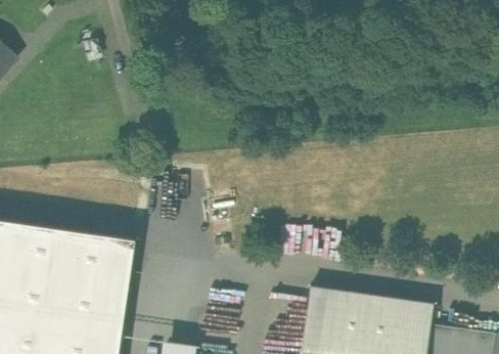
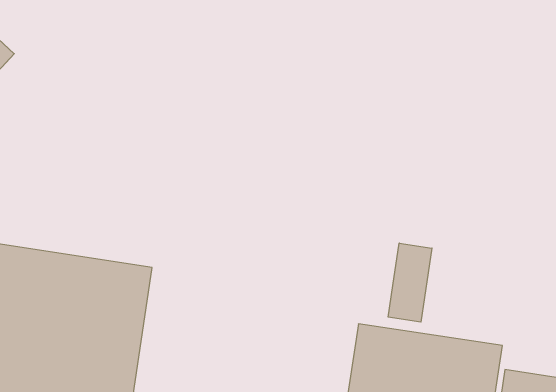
building: none -> [388,243,432,322]

